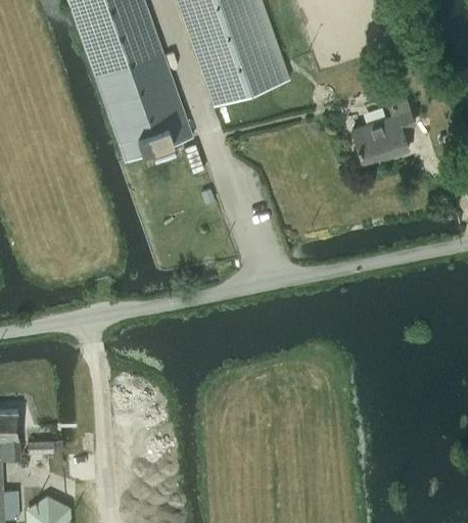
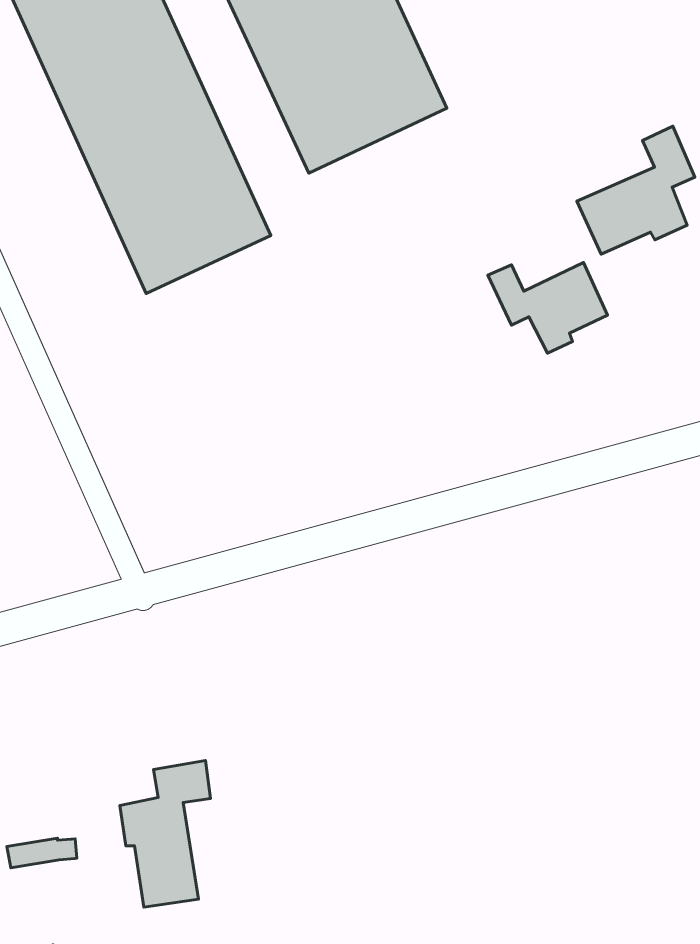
building: none -> [488,263,608,353]
building: none -> [120,760,211,907]

